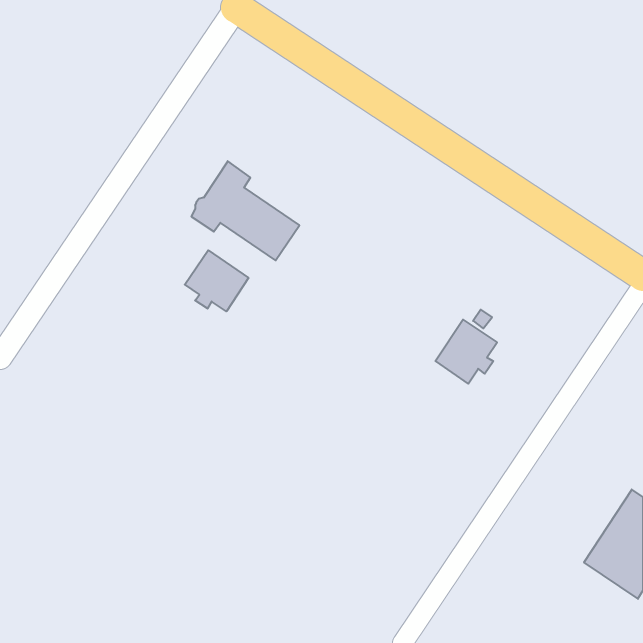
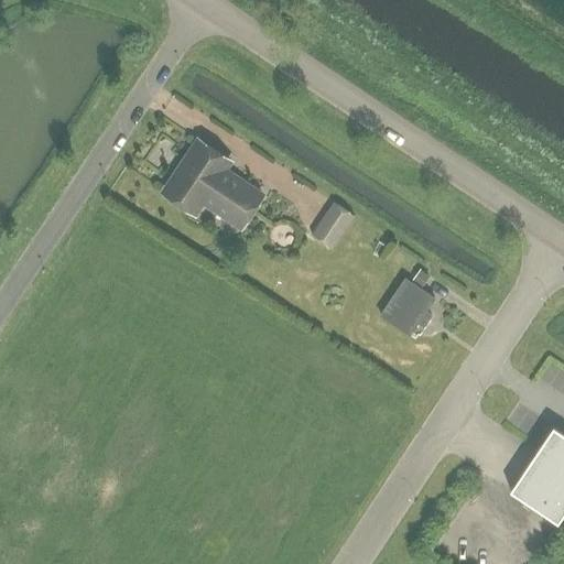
building: none -> [311,202,355,249]
building: [185,250,248,311] -> none

